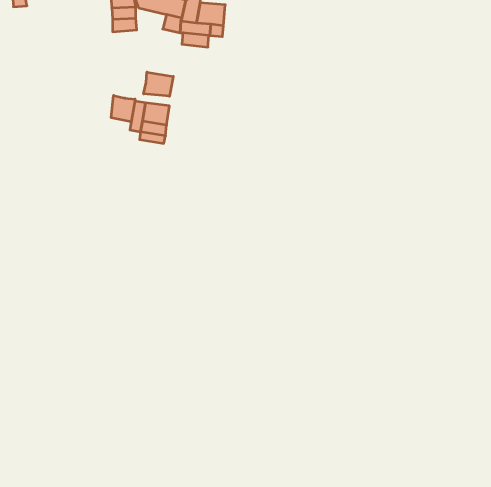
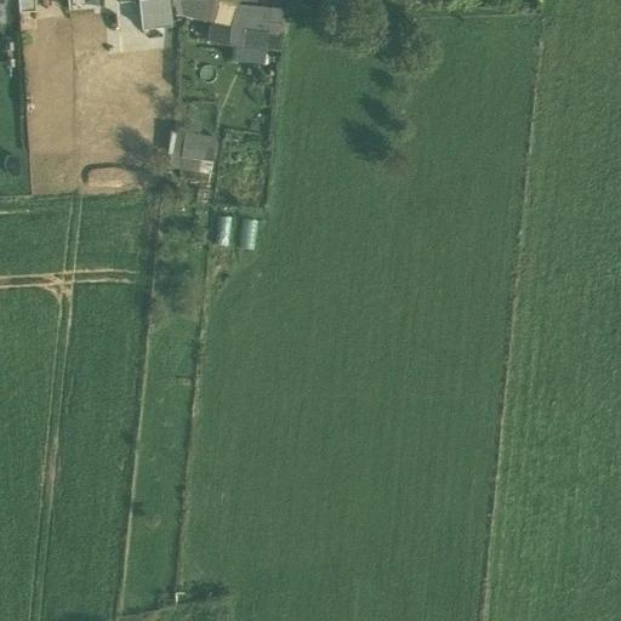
building: [144,72,173,96] -> none
building: [111,95,135,122] -> none

